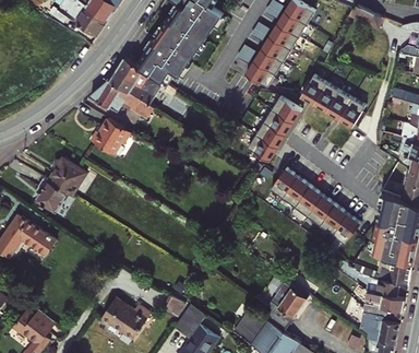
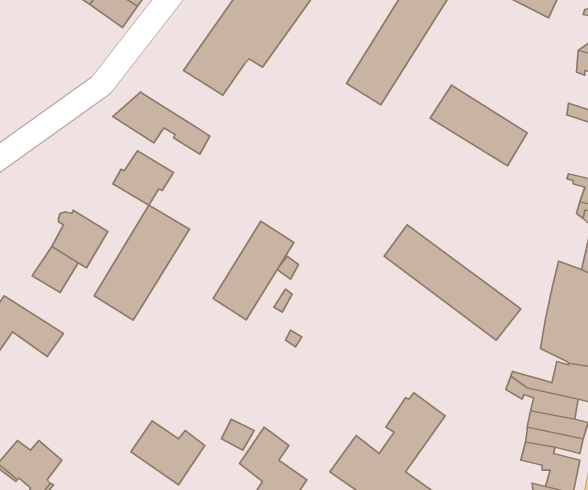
building: [109,57,163,104] -> none
building: [248,95,301,161] -> [213,221,294,320]
building: none -> [94,205,189,320]

